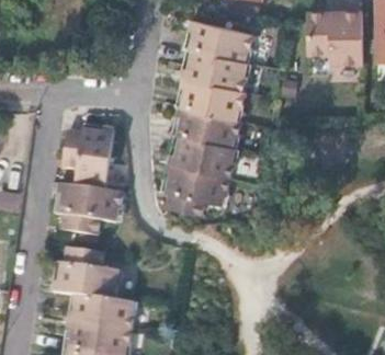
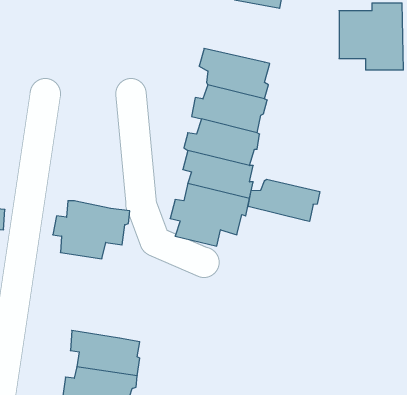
building: [185,21,252,61] -> none
building: [65,124,116,188] -> none
building: none -> [248,179,320,221]
building: [56,248,117,301] -> none

